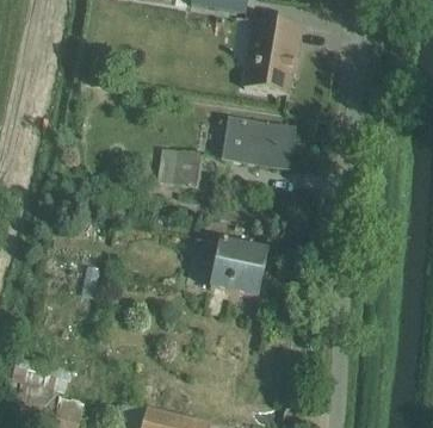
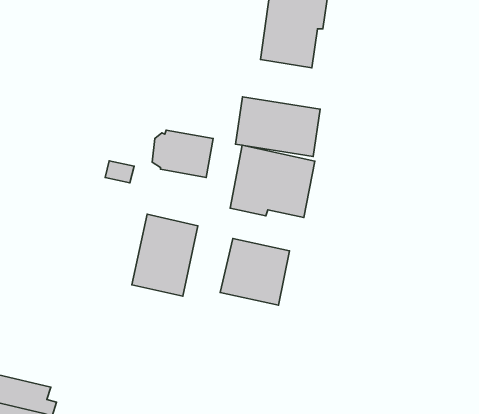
building: none -> [230,145,315,218]
building: none -> [132,214,198,296]

